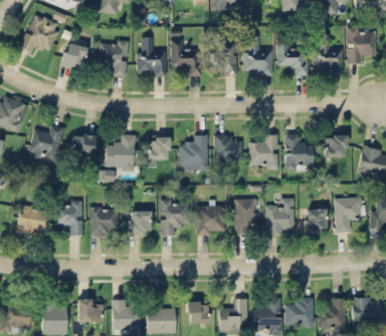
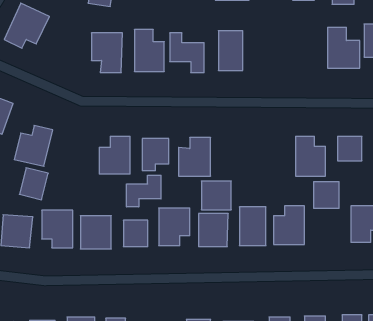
building: [243,36,272,74] -> none
building: [277,40,308,74] -> none
building: [62,42,86,68] -> none
building: [69,130,95,159] -> [19,168,48,200]
building: [250,134,278,161] -> none
building: [214,135,241,161] -> [201,181,231,210]
building: none -> [127,175,161,207]
building: [304,208,327,232] -> [314,182,339,208]

